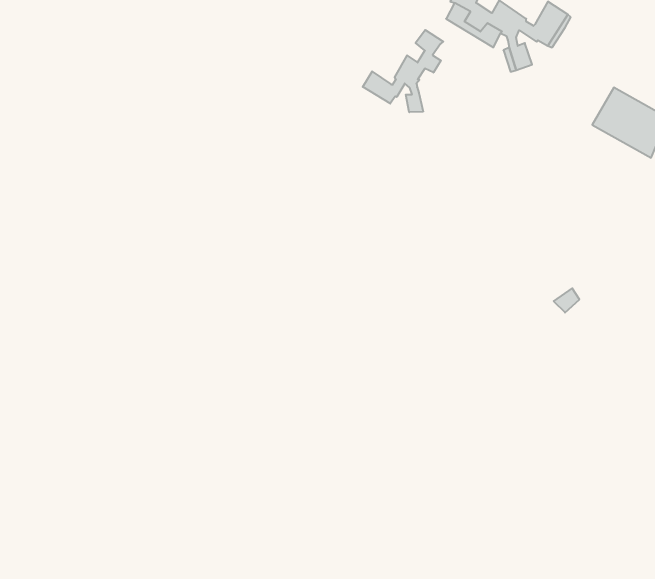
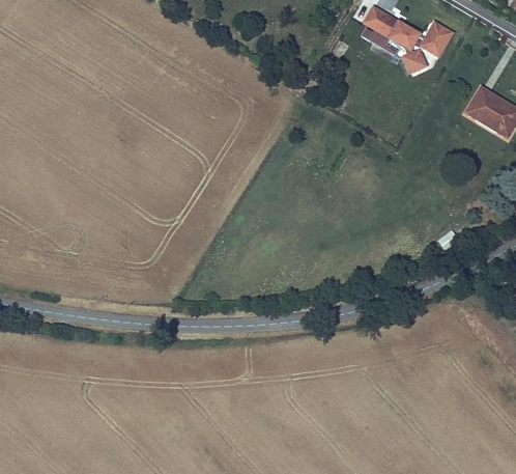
building: [363,30,443,112] -> none

